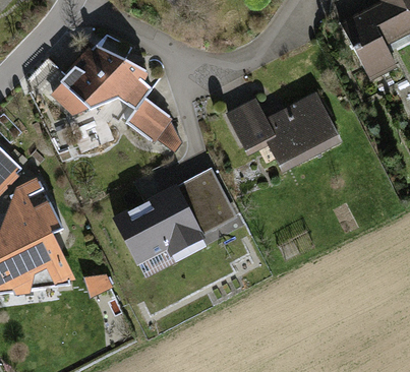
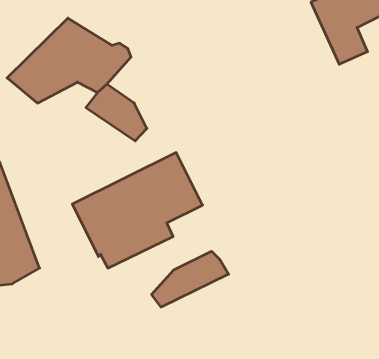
building: [222,91,339,170] -> none
building: none -> [152,251,229,307]

